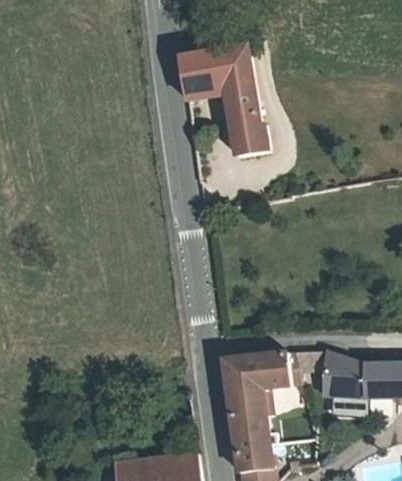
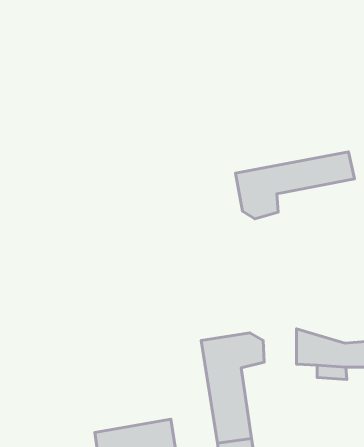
building: [179,44,269,150] -> none
building: none -> [235,152,354,219]

